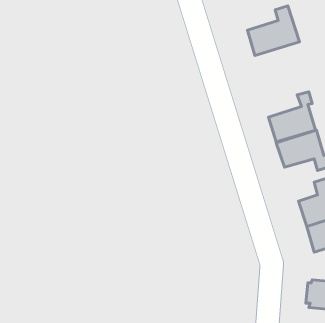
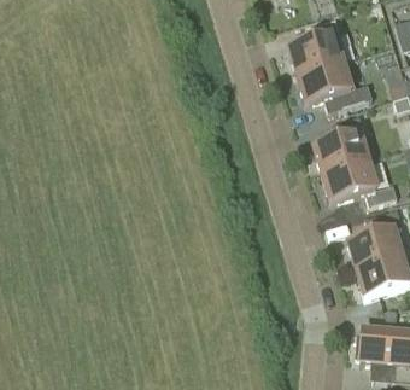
building: none -> [298,59,373,111]

